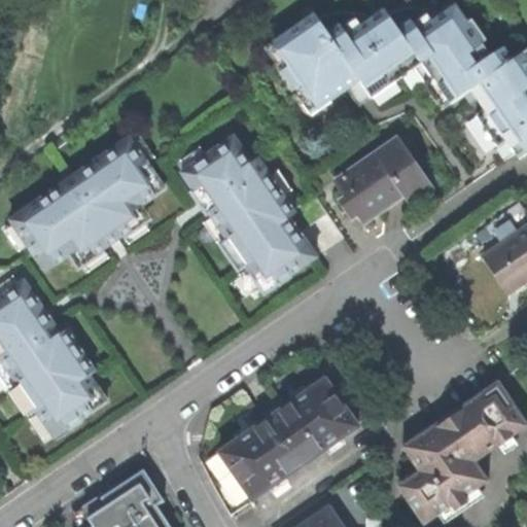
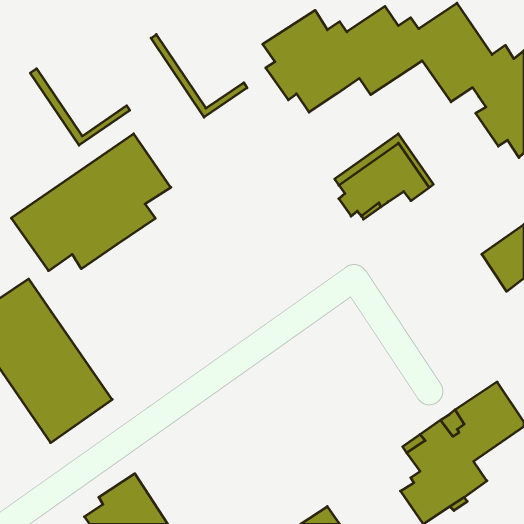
building: none -> [151,34,247,117]
building: none -> [30,69,130,145]
building: [181,132,324,296] -> none
building: [218,377,358,498] -> none

